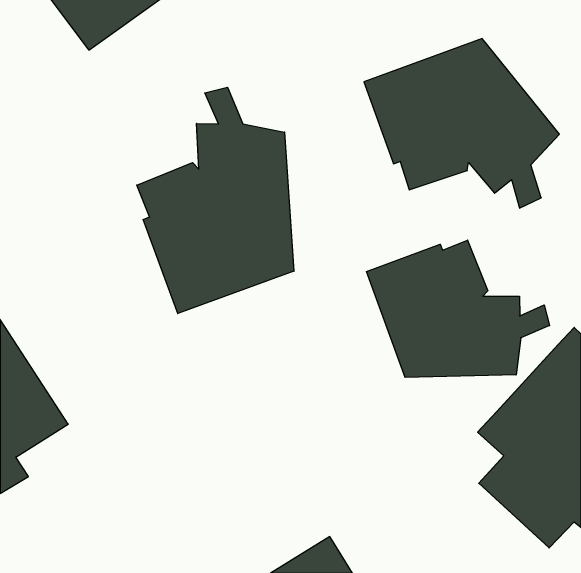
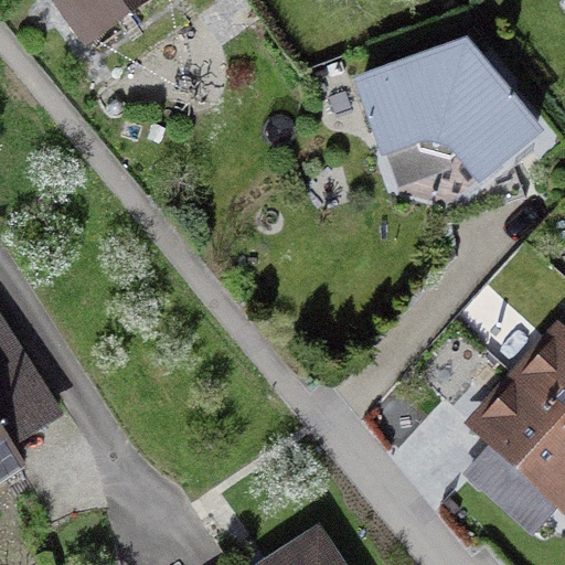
building: [137,87,294,314] -> none
building: [366,240,550,377] -> none

